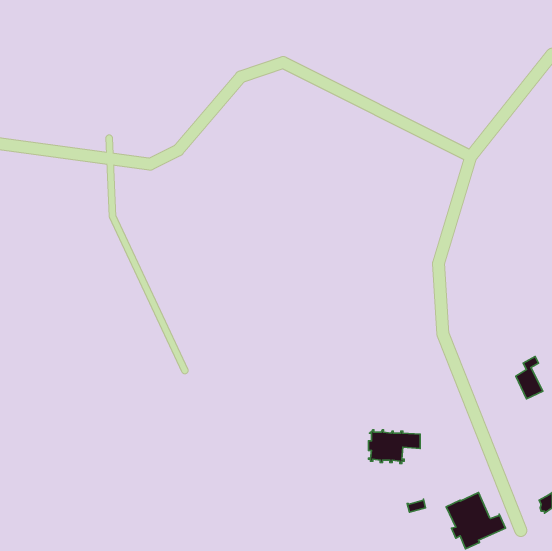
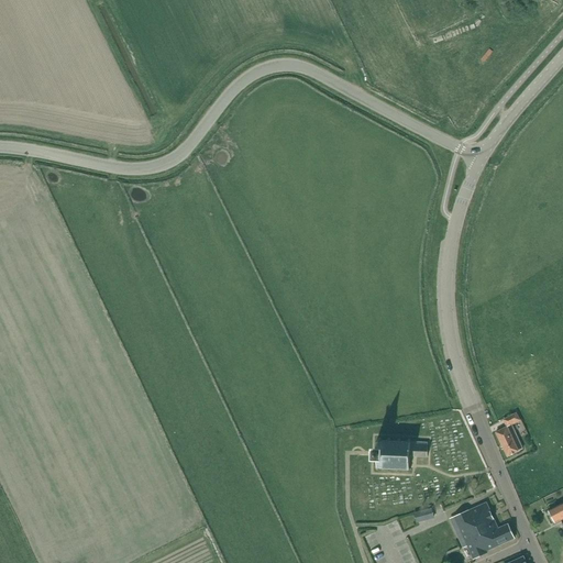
building: [516,357,543,399] -> [496,412,523,455]

